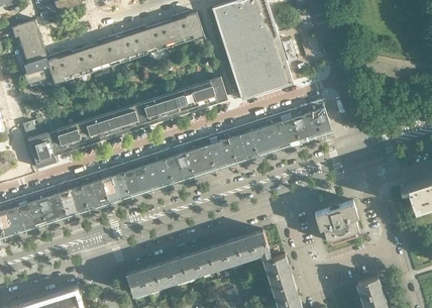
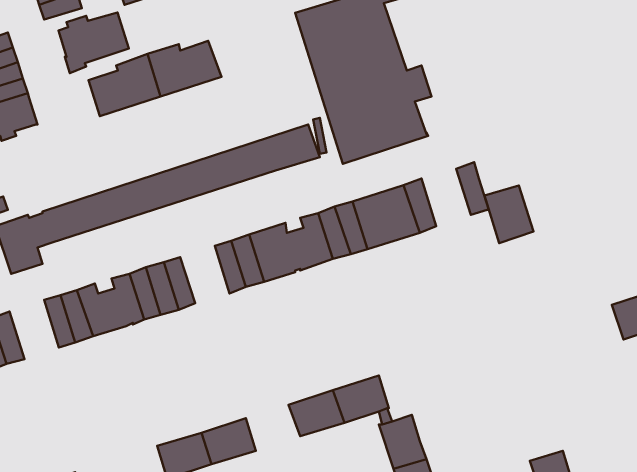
building: [158,13,205,48] -> none
building: [48,50,92,88] -> [58,12,129,73]
building: [290,105,320,140] -> [484,186,534,243]
building: [141,152,172,188] -> none
building: [36,186,67,222] -> none
building: [315,202,359,244] -> none
building: [182,250,215,279] -> none

